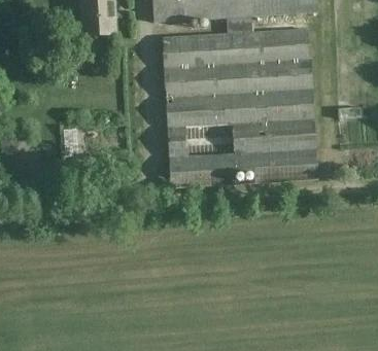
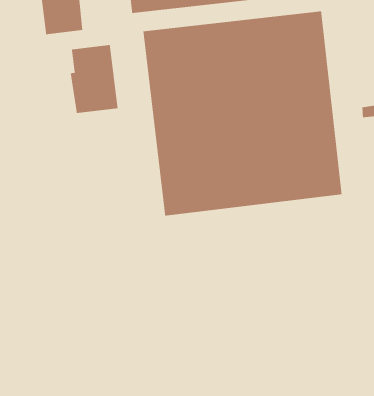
building: none -> [67,44,118,114]

